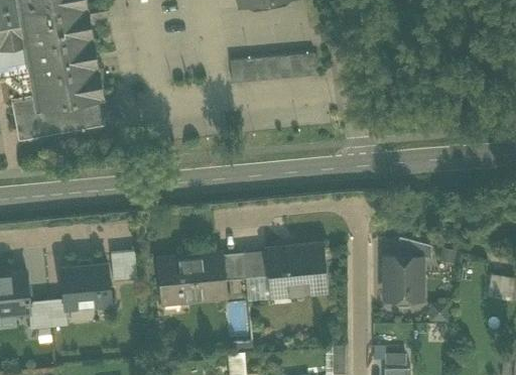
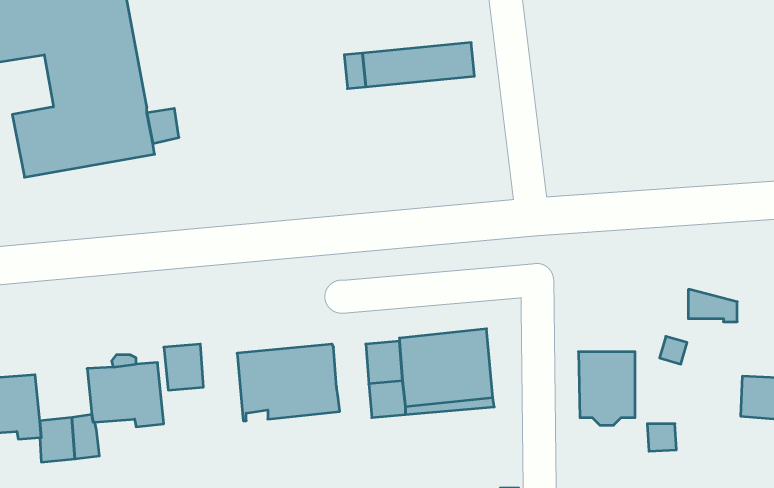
building: [397,238,429,259] -> [688,290,737,322]
building: [222,252,245,280] -> none

